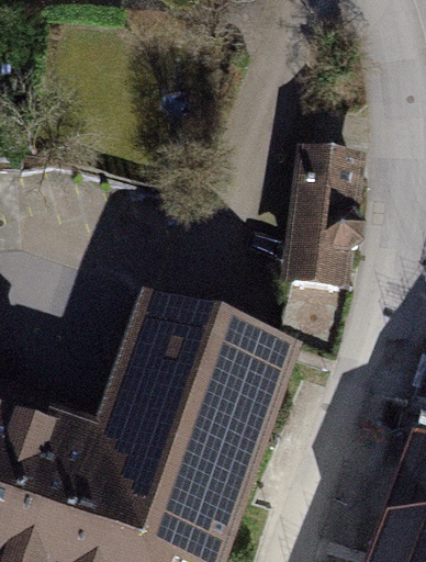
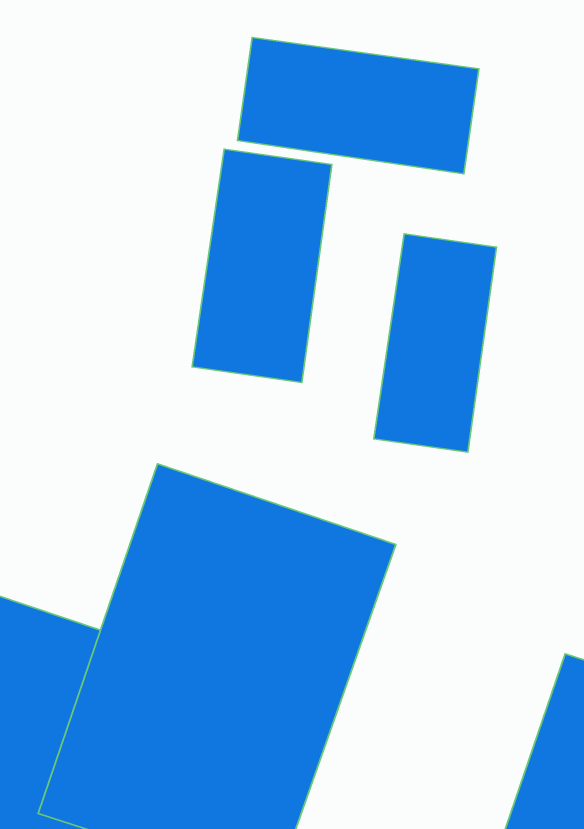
building: none -> [238,37,479,174]
building: none -> [192,149,332,382]

